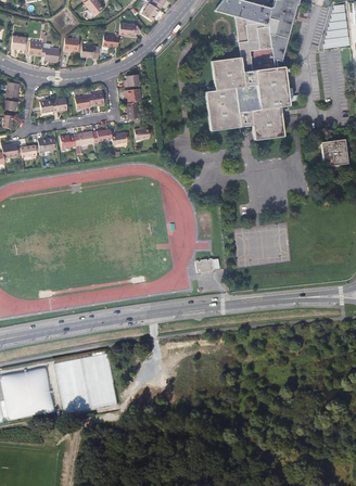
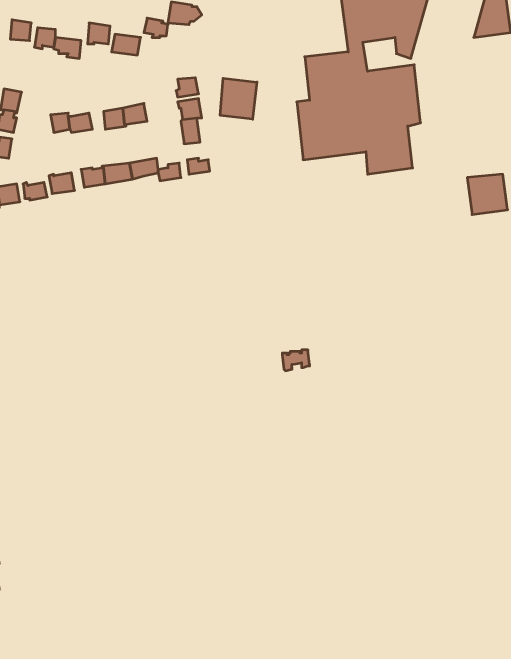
building: none -> [220,78,257,119]

